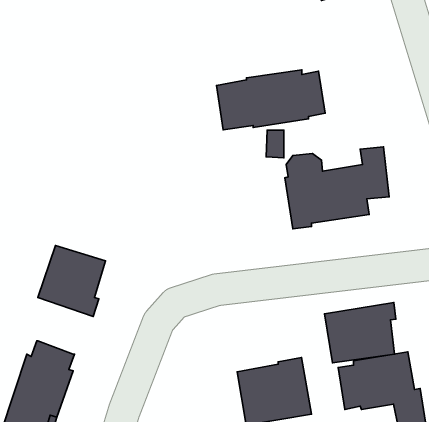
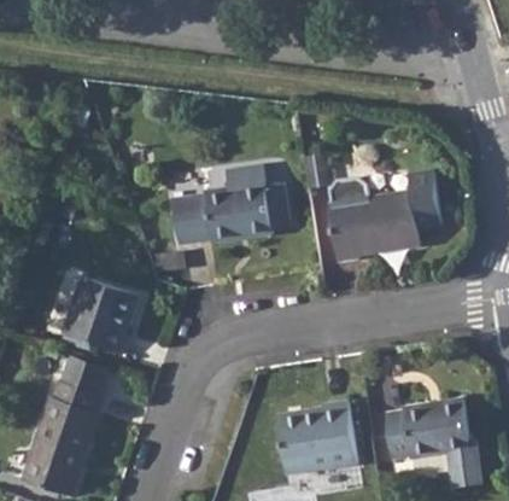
building: [216,70,325,130] -> [170,181,288,246]
building: [324,302,396,363] -> none
building: none -> [59,356,107,397]

